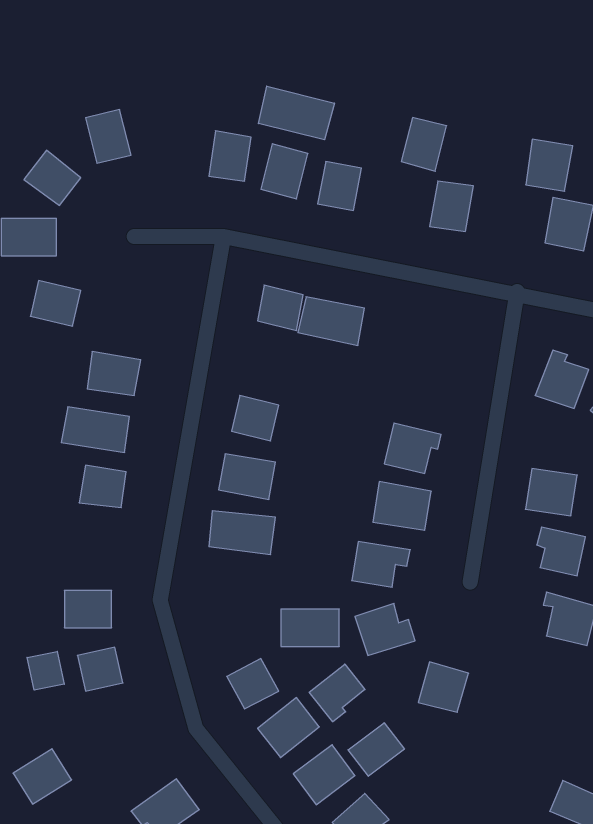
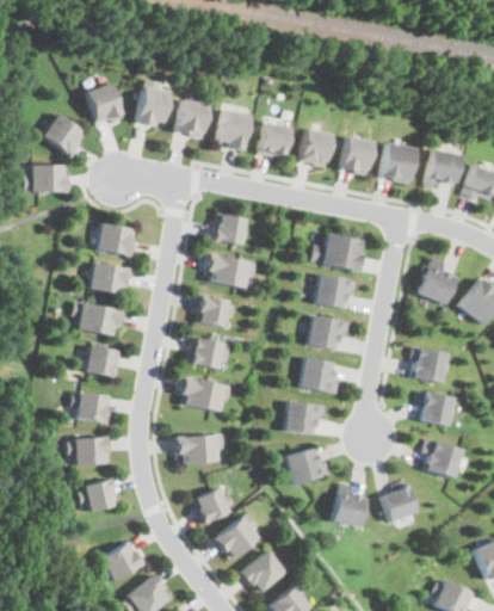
building: [258,86,334,140] -> none
building: none -> [140,86,169,124]
building: [401,118,447,171] -> [300,128,333,167]
building: [526,139,573,191] -> [382,142,416,180]
building: [30,281,81,326] -> [98,222,135,255]
building: [298,297,364,345] -> [205,253,254,289]
building: none -> [323,234,366,271]
building: none -> [316,273,359,308]
building: none -> [76,393,109,422]
building: [281,609,339,646] -> [175,434,218,462]
building: [27,651,64,690] -> none
building: none -> [382,485,420,523]
building: [309,664,365,722] -> none
building: [348,723,404,776] -> none
building: [13,749,72,804] -> [98,542,141,582]

